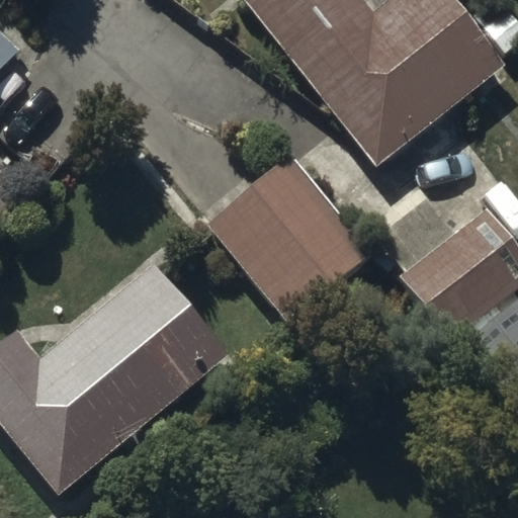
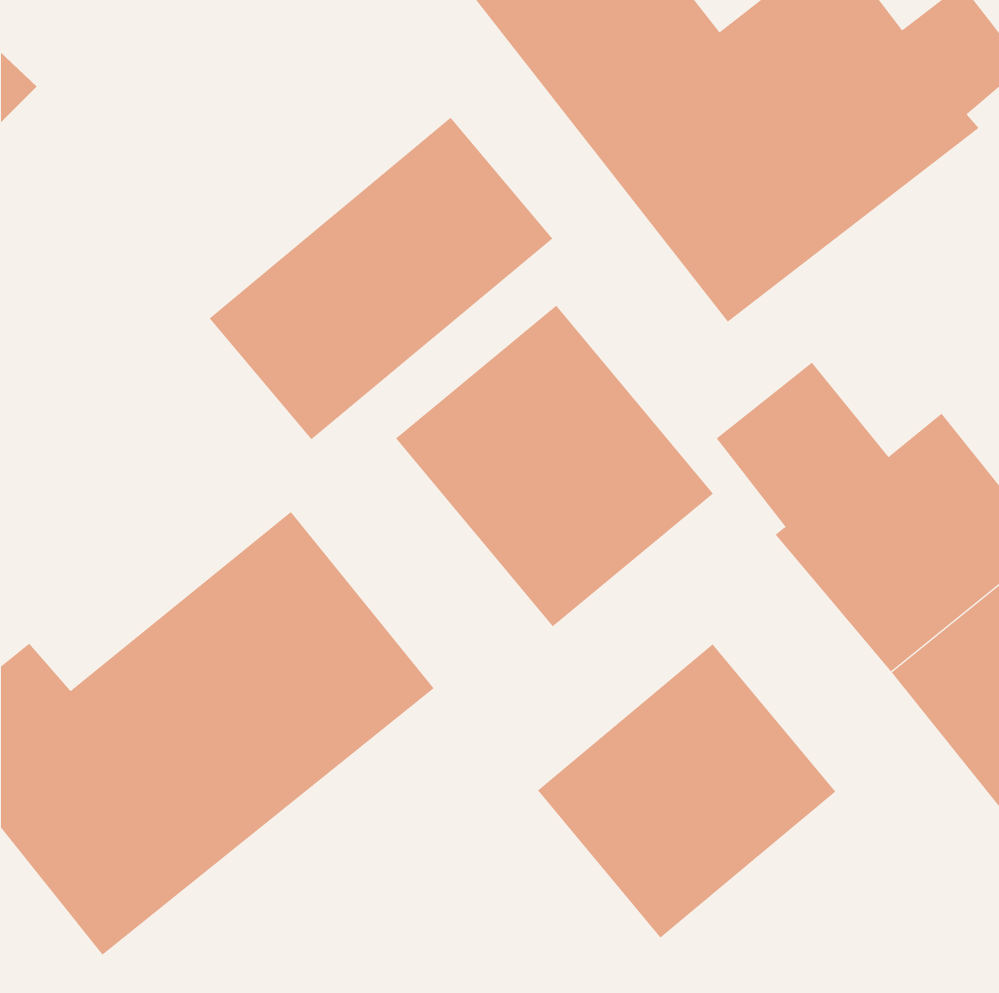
building: none -> [209,117,553,440]
building: none -> [537,643,836,938]

